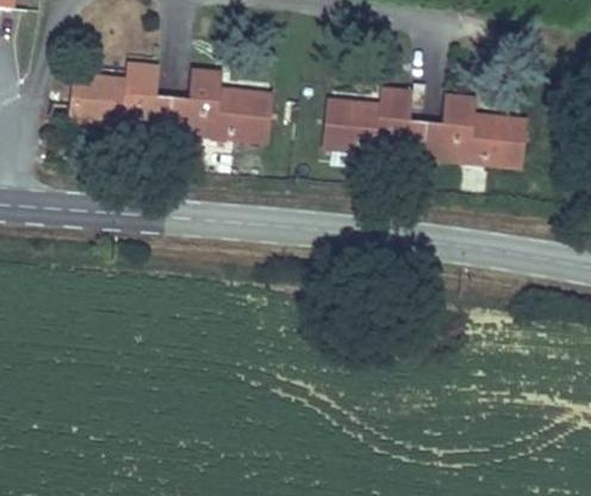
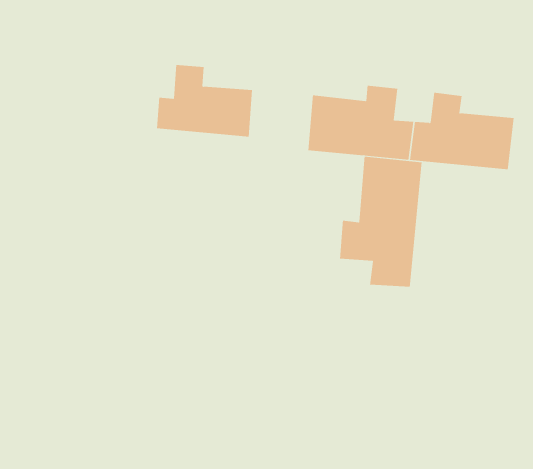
building: [70,58,176,128] -> none
building: none -> [339,156,422,288]

